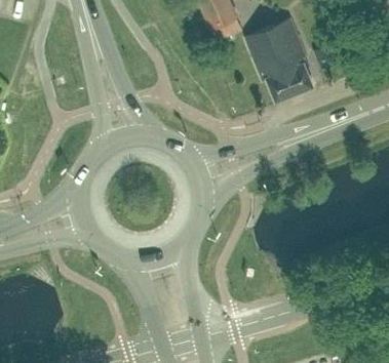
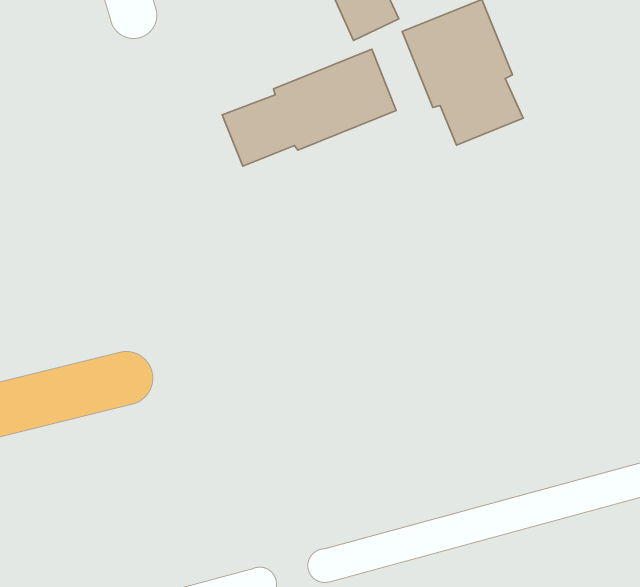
building: none -> [222,49,396,166]

